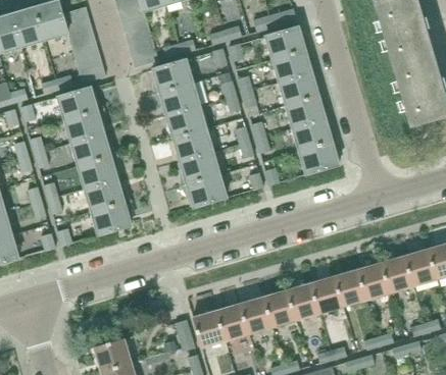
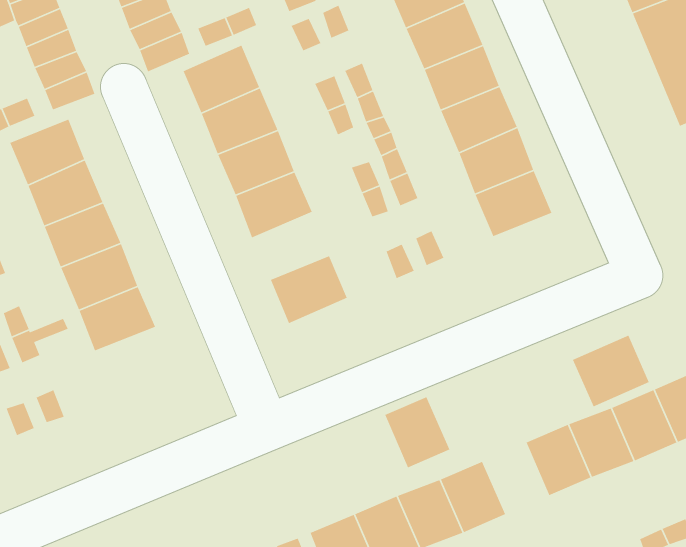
building: [180,151,219,183] -> none
building: [91,202,131,235] -> none
building: none -> [572,335,650,407]
building: [288,283,320,320] -> [384,396,450,468]

